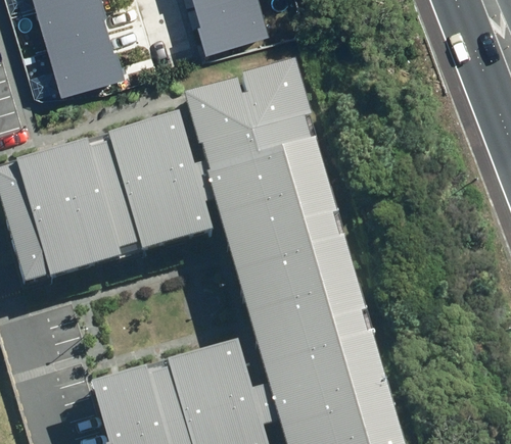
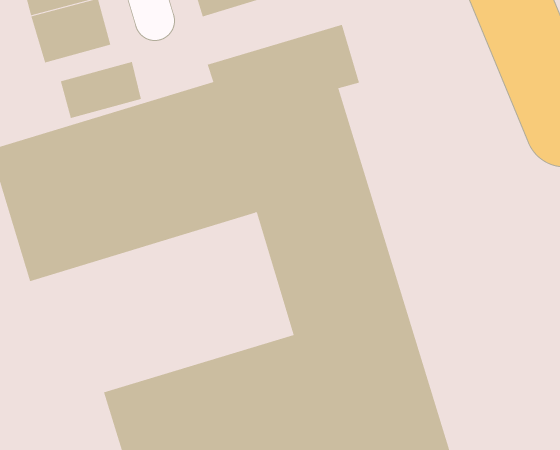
building: none -> [60,61,142,119]

